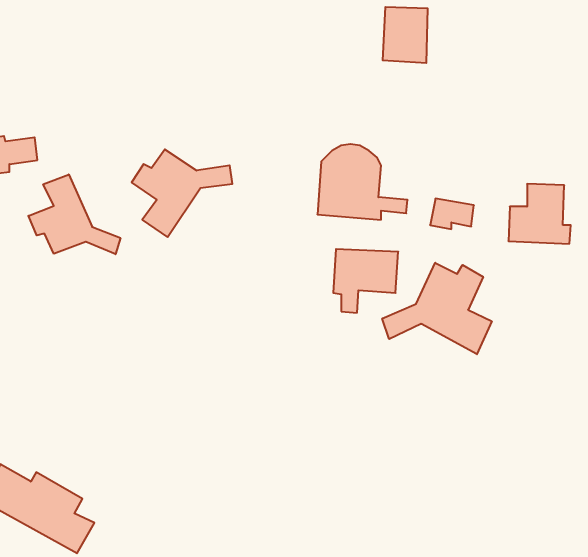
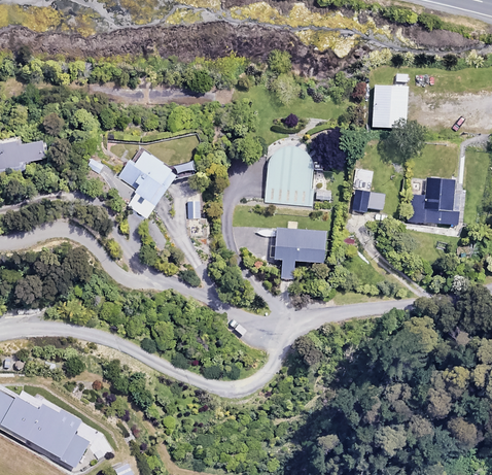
building: [383,7,428,63] -> [372,84,407,128]
building: [28,174,120,254] -> none
building: [382,263,492,354] -> none

